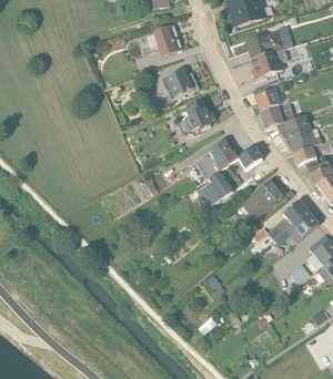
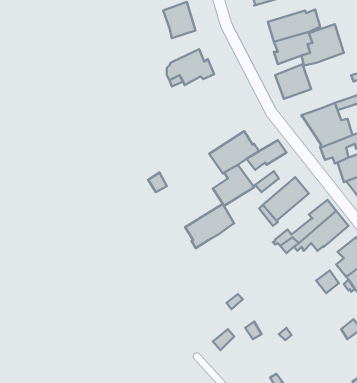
building: [173,100,214,134] -> none
building: [259,100,294,127] -> none
building: none -> [185,204,234,248]

